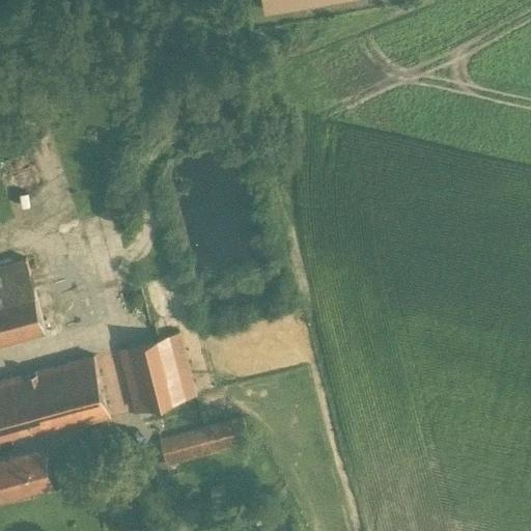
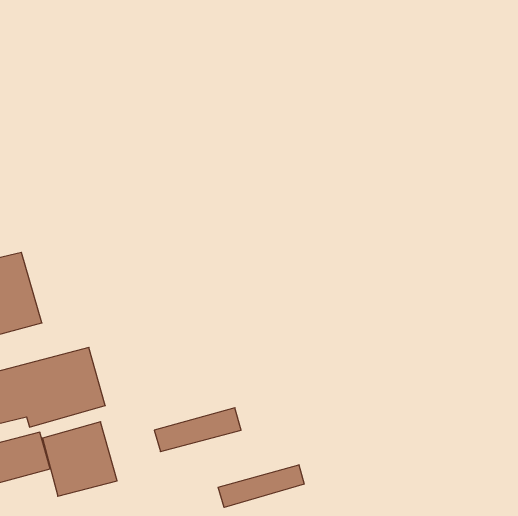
building: [116,336,192,412] -> [42,422,117,496]
building: none -> [218,465,304,507]

